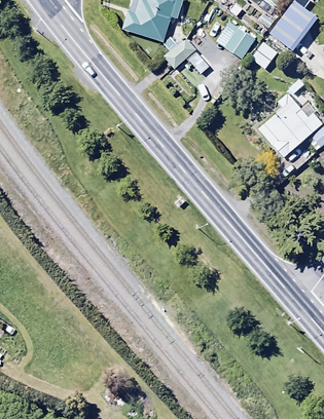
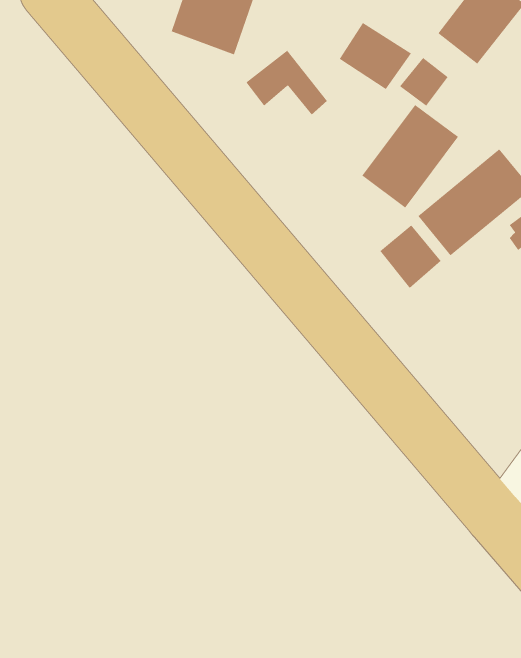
building: none -> [362,104,459,208]
building: none -> [379,225,441,289]

